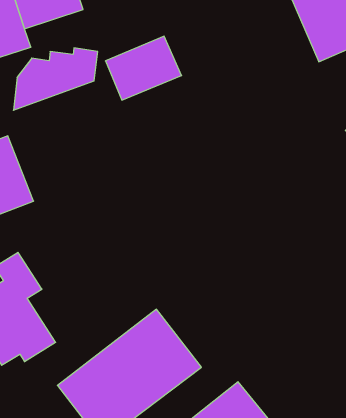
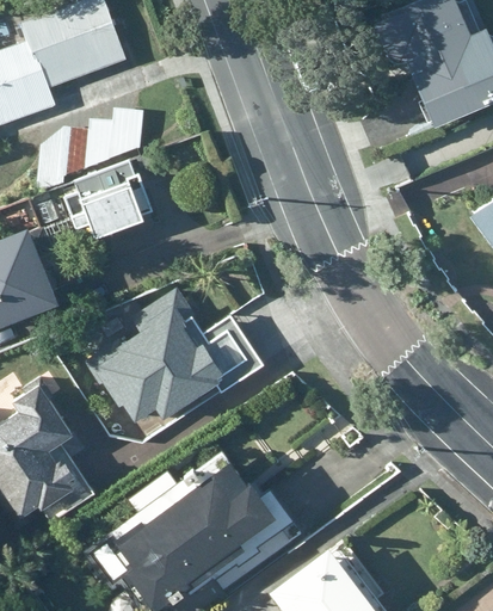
building: [105,36,182,100] -> [58,161,158,245]
building: none -> [100,298,265,427]

